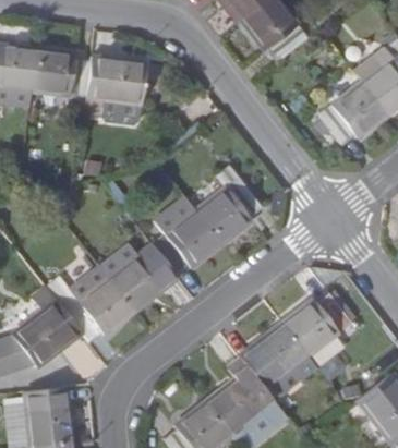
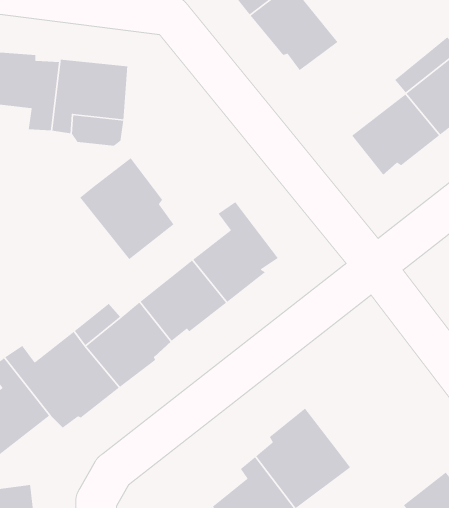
building: none -> [79,157,175,260]
building: [281,295,351,361] -> none

